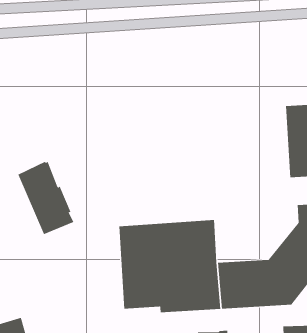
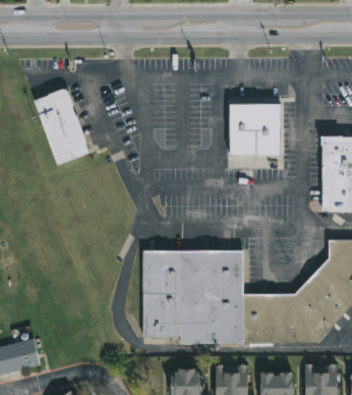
building: none -> [229,103,279,153]
building: [18,161,74,235] -> [34,88,90,164]

